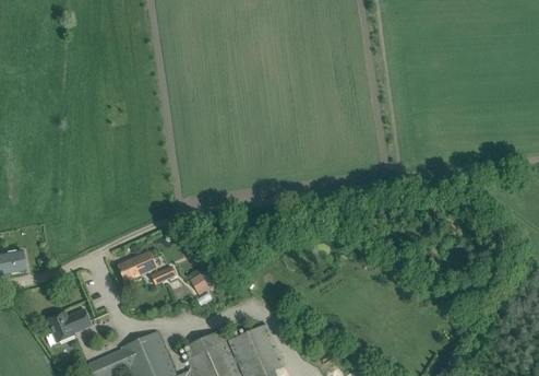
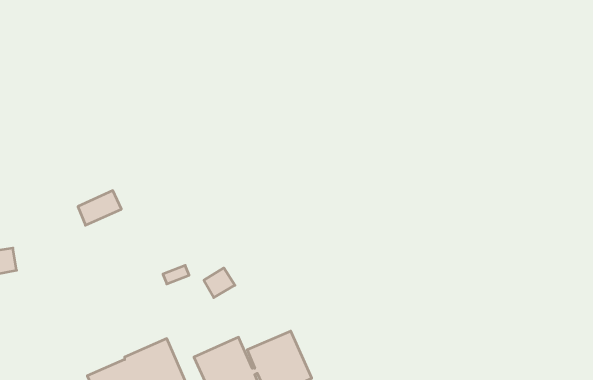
building: [118,251,156,282] -> [78,191,121,225]
building: [47,309,91,343] -> none

